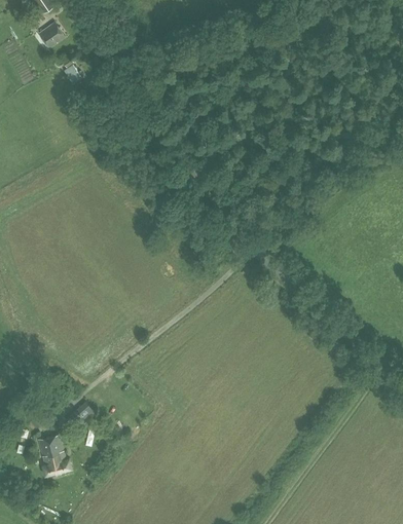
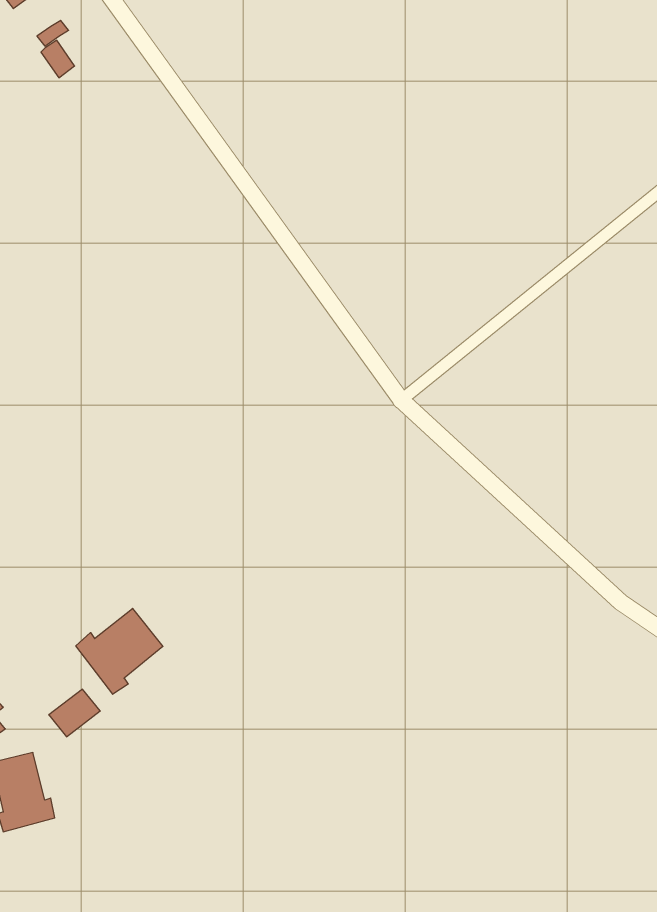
building: none -> [76,608,163,694]

